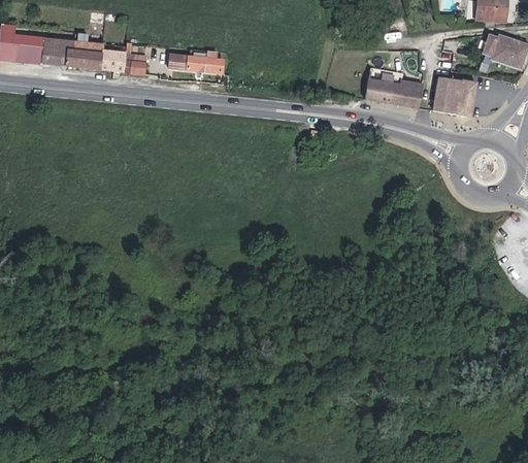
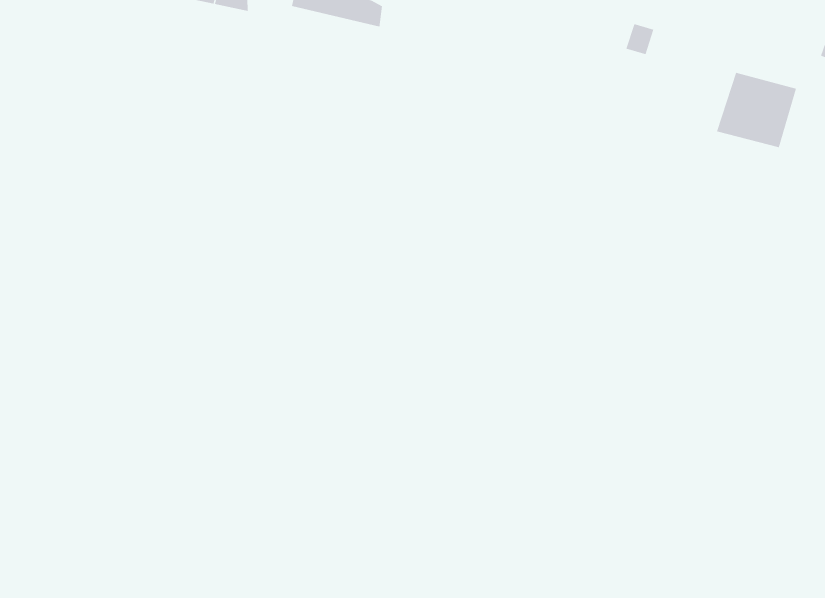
building: [364,77,423,108] -> none

